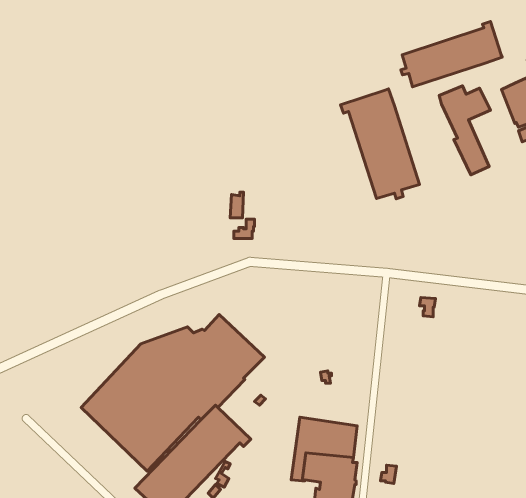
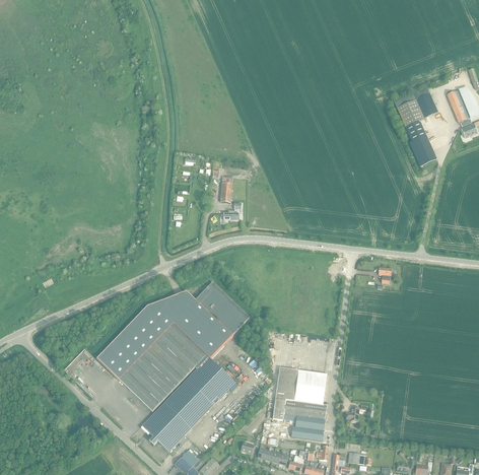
building: [401,21,502,87] -> none
building: [340,89,419,199] -> none

